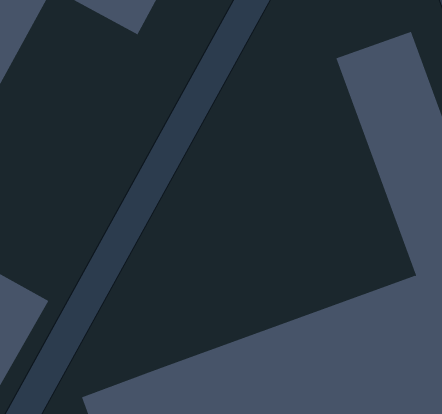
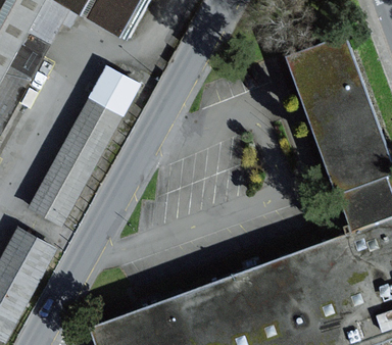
building: none -> [28,64,139,226]

